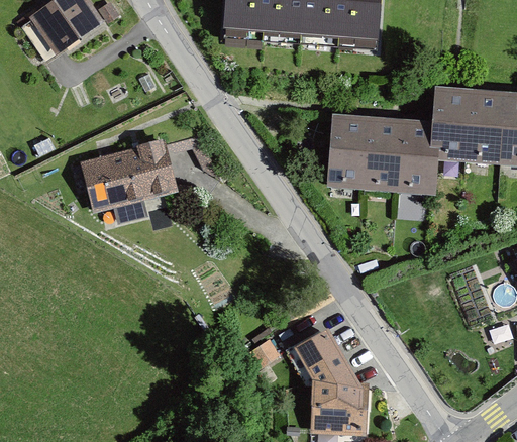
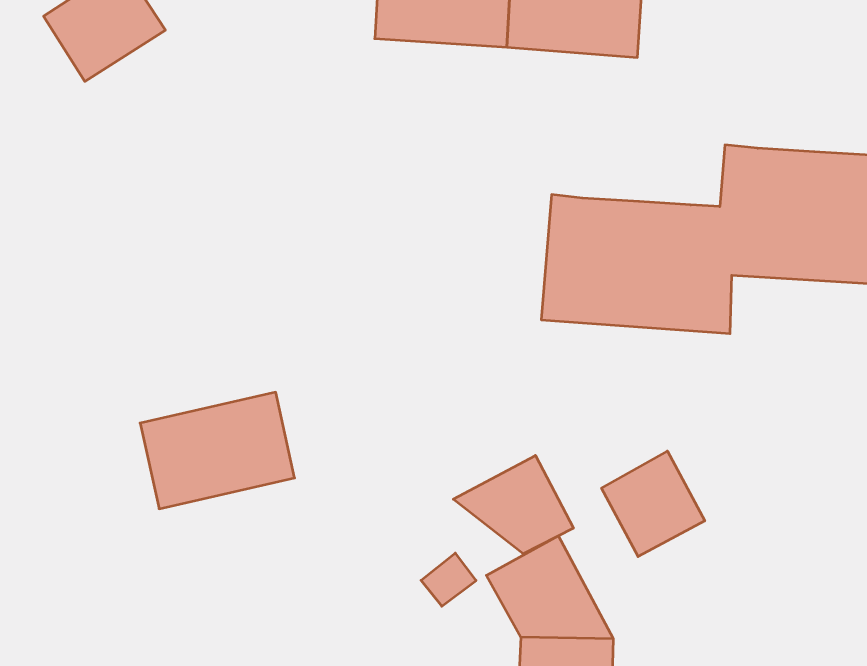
building: [82,140,173,209] -> [140,392,295,509]
building: none -> [602,451,705,557]
building: none -> [453,455,573,554]

